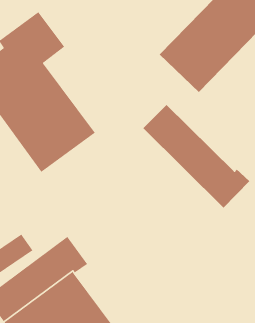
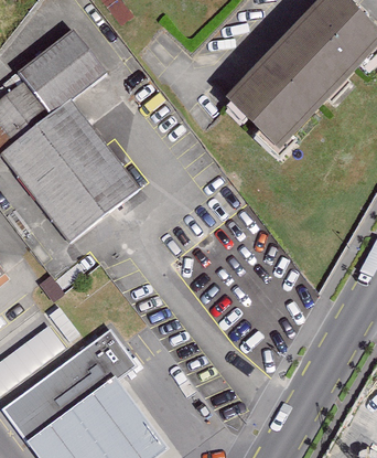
building: [142,104,250,208] -> none

